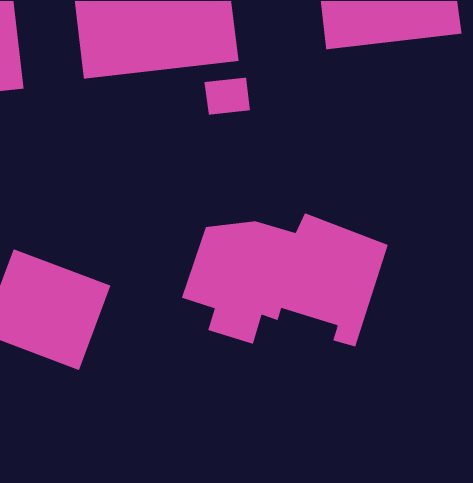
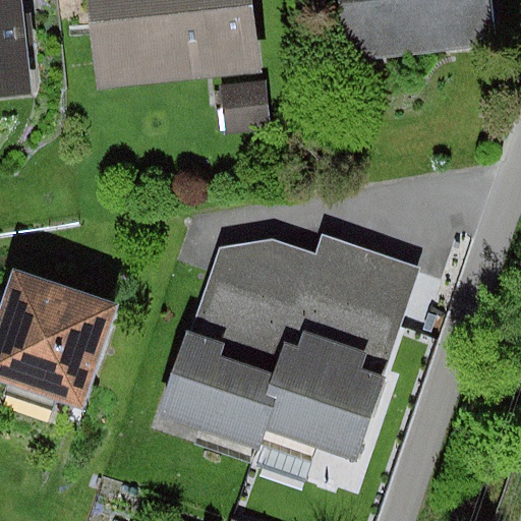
building: none -> [167,322,383,469]

